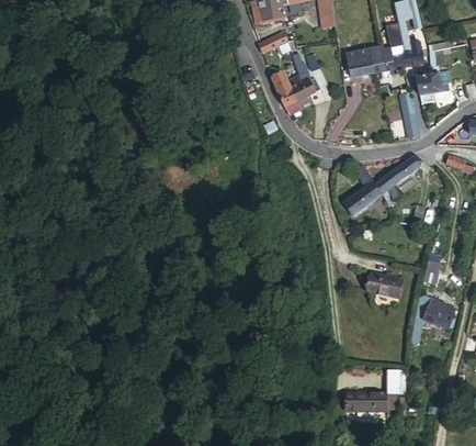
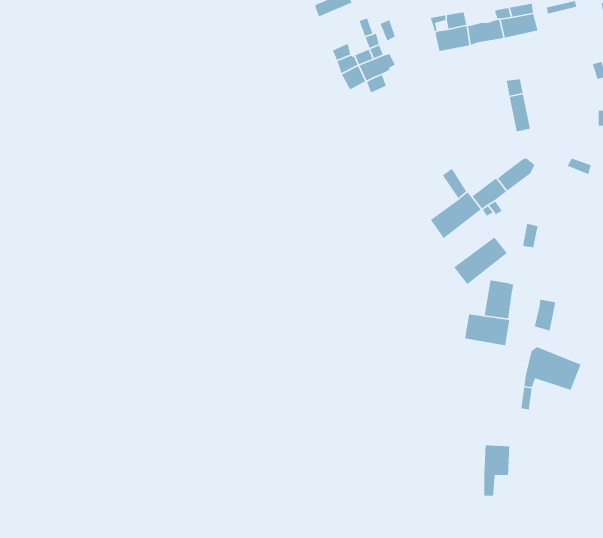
building: [417,74,441,104] -> none
building: none -> [453,236,508,285]
building: none -> [484,279,514,319]
building: [342,388,384,409] -> none

